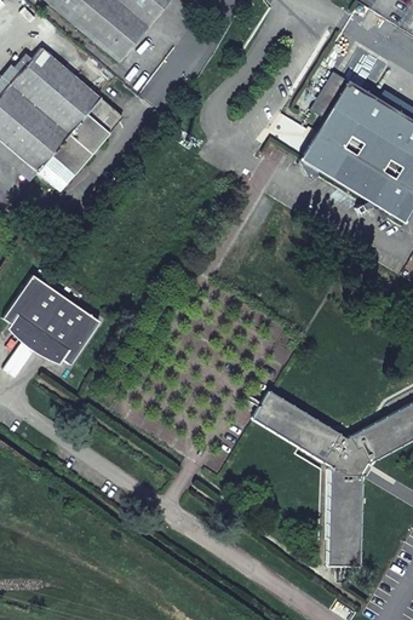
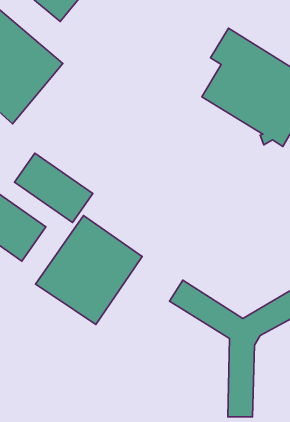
building: none -> [15,153,93,223]
building: none -> [35,216,142,324]

